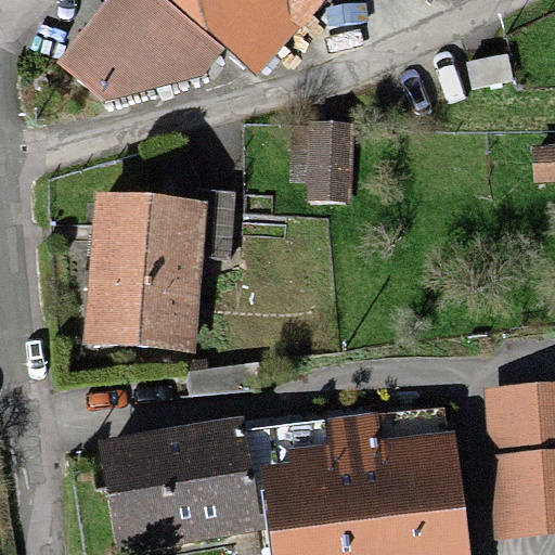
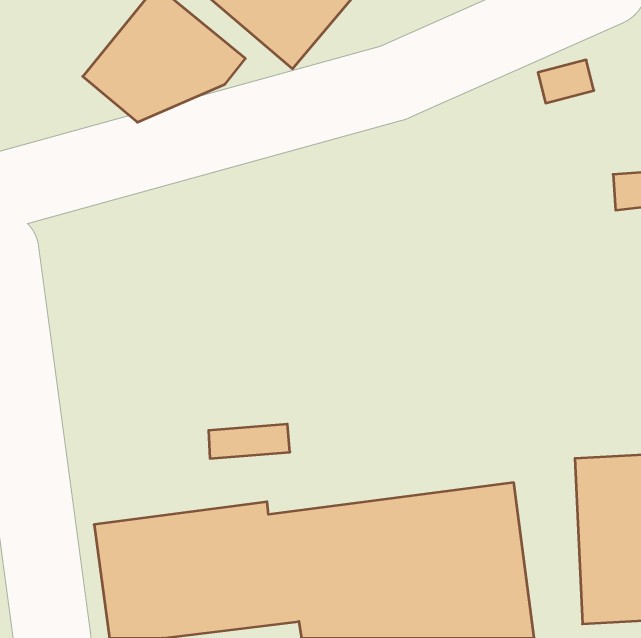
building: [287,122,353,199] -> none
building: [95,188,231,349] -> none

